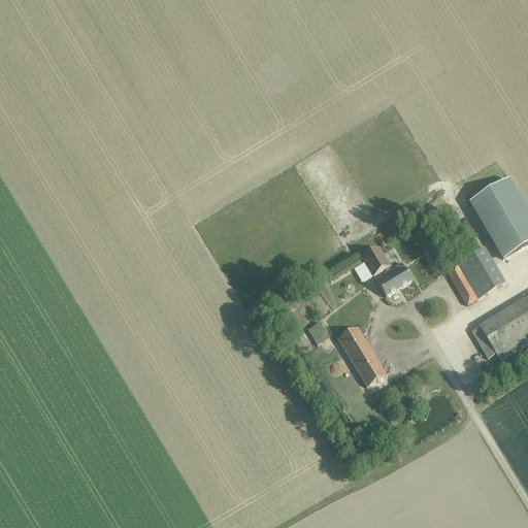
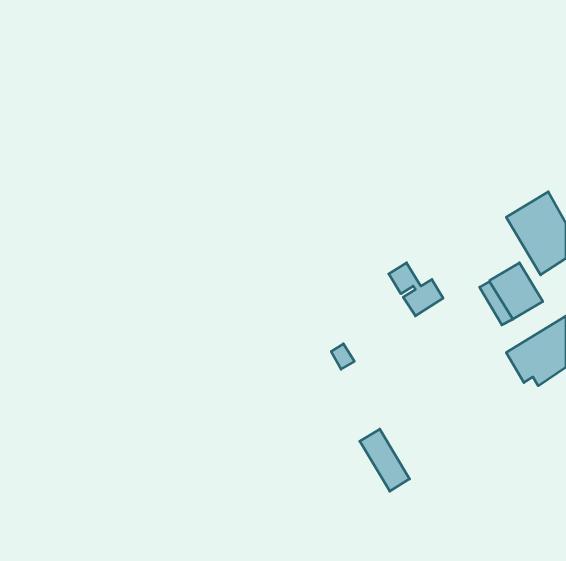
building: [339,326,386,384] -> [360,429,410,491]

